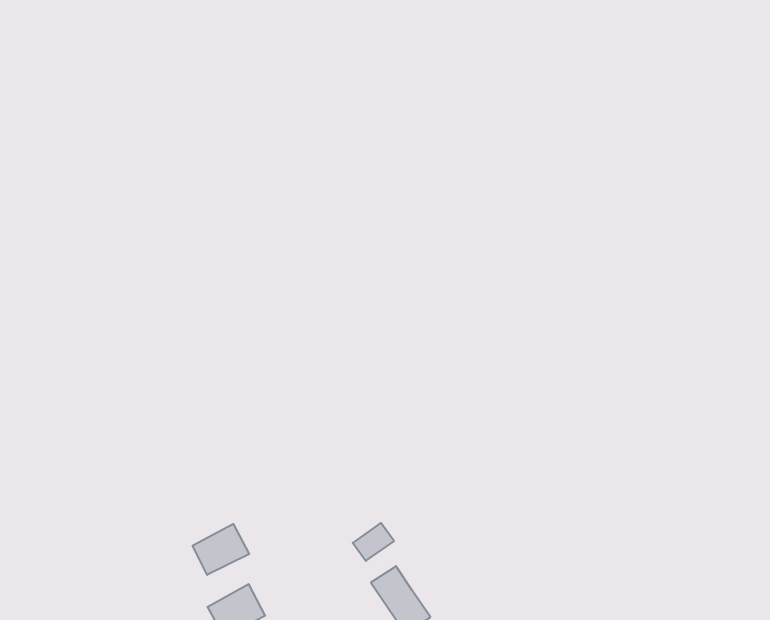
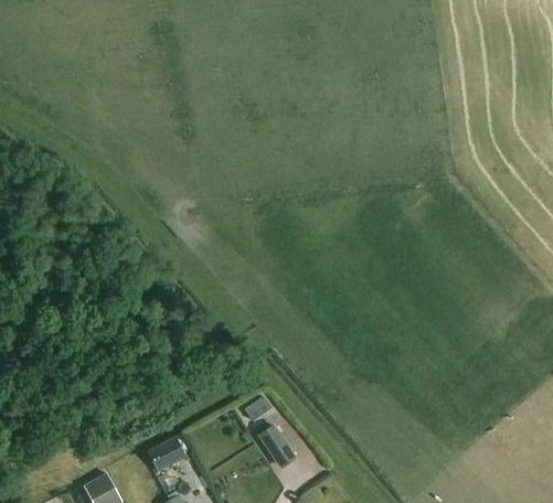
building: [193,524,249,575] -> none

